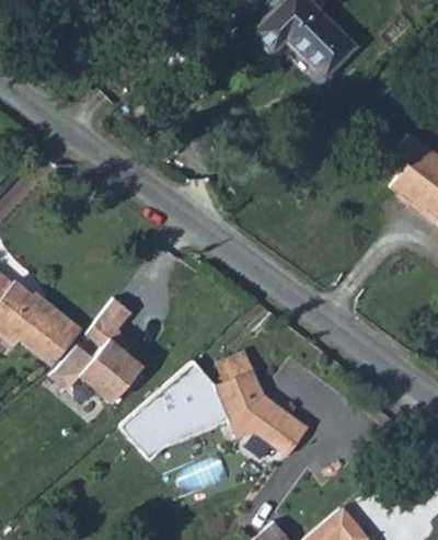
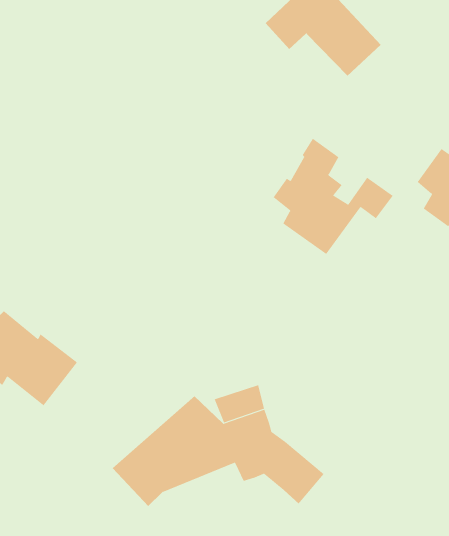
building: none -> [273,138,393,255]
building: [53,299,148,407] -> none

